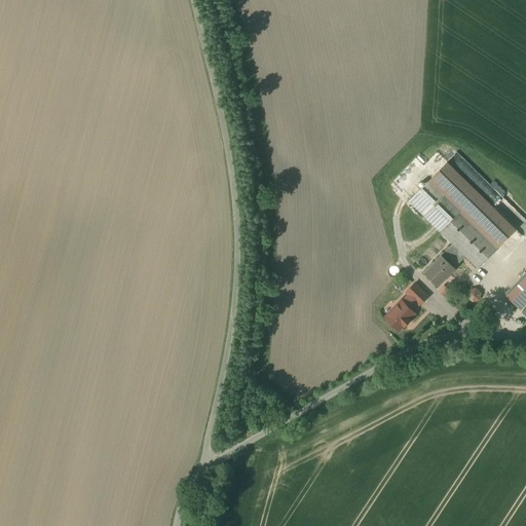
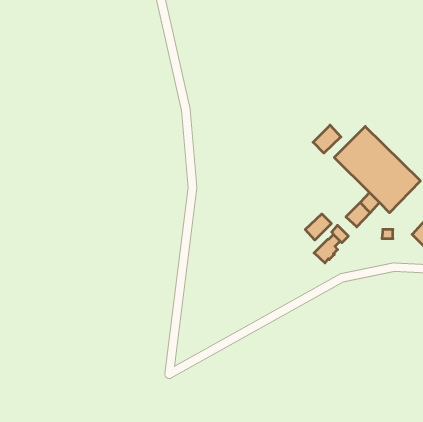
building: none -> [313,125,341,153]
building: none -> [305,214,331,240]

